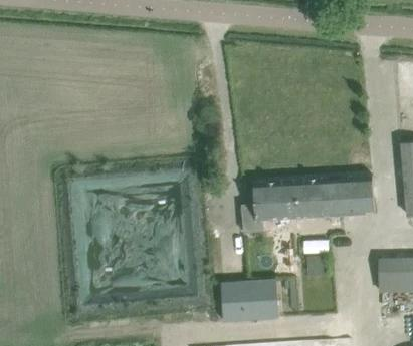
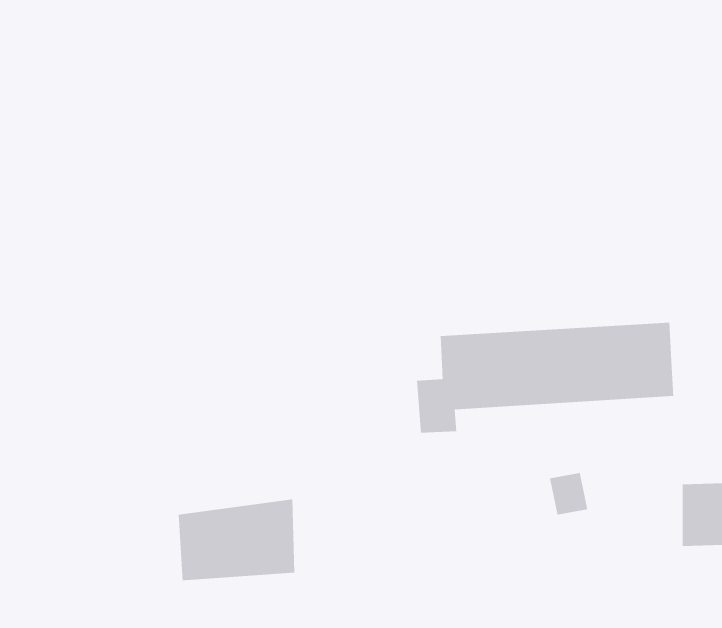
building: [219,280,279,322] -> [178,499,295,581]

